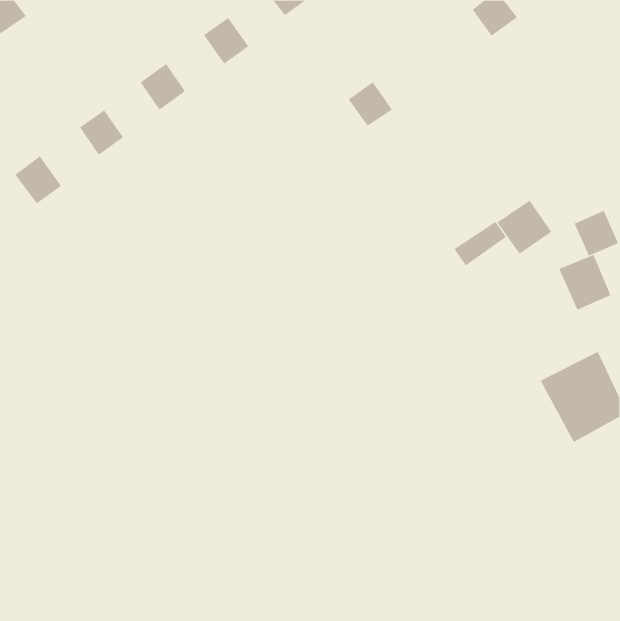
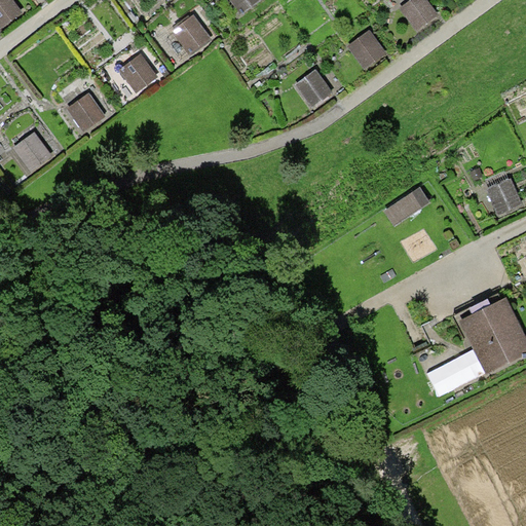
building: none -> [347,30,386,70]
building: [497,200,552,254] -> none
building: [559,254,611,311] -> none
building: none -> [426,350,484,397]

